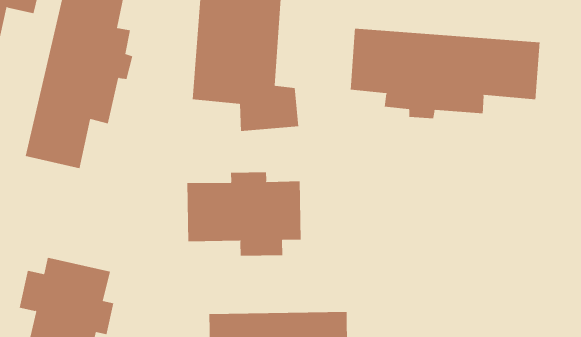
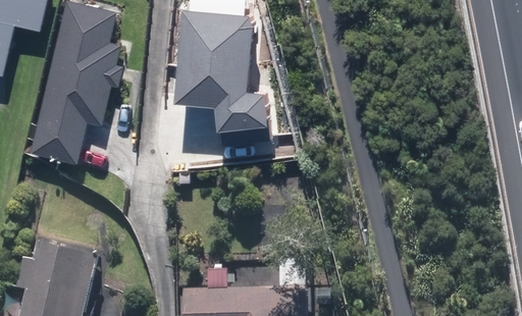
building: [350,28,540,119] -> none
building: [187,172,301,257] -> none

